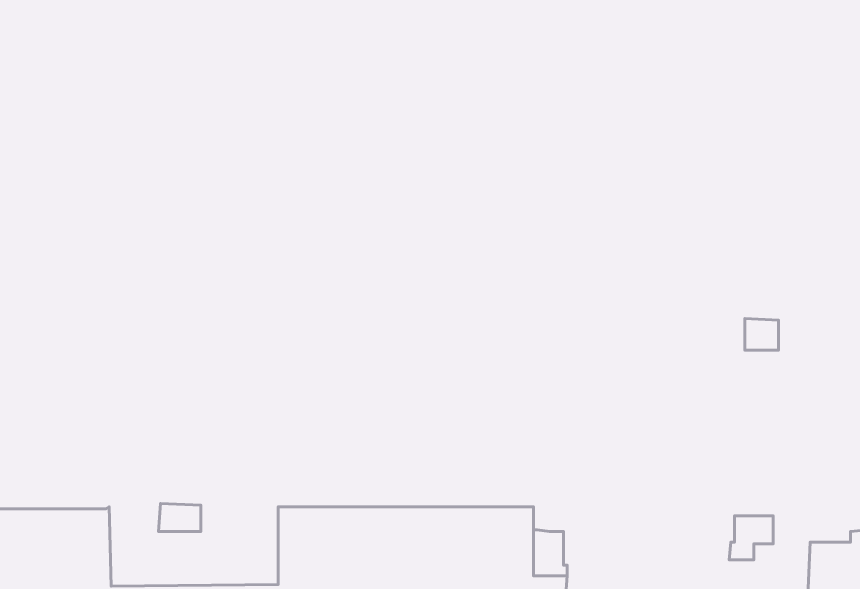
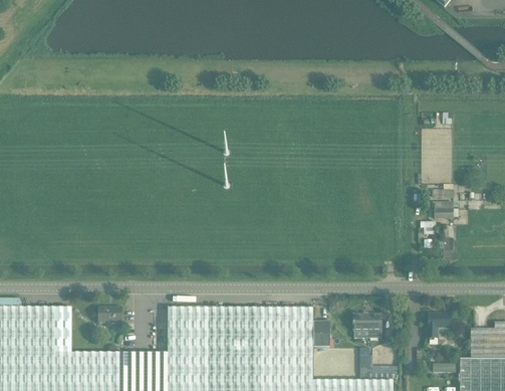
building: none -> [353,316,382,340]

